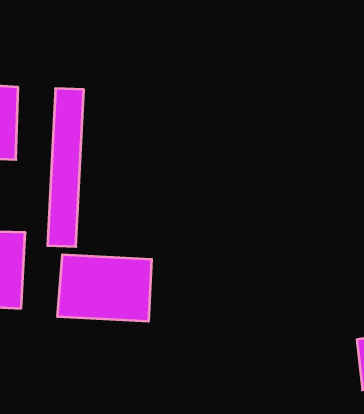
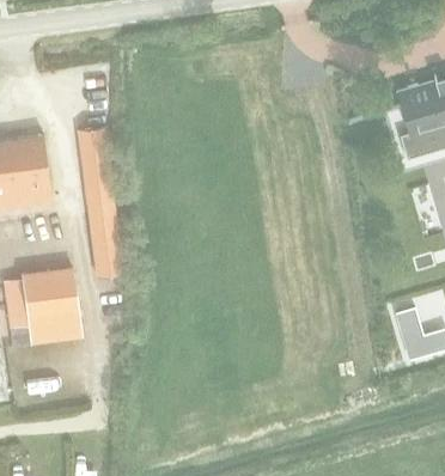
building: [58,255,152,321] -> none

